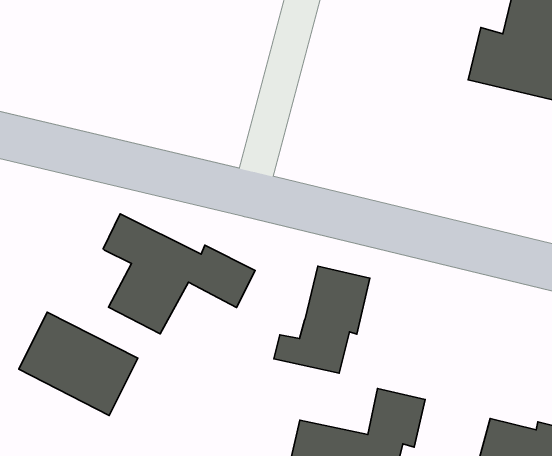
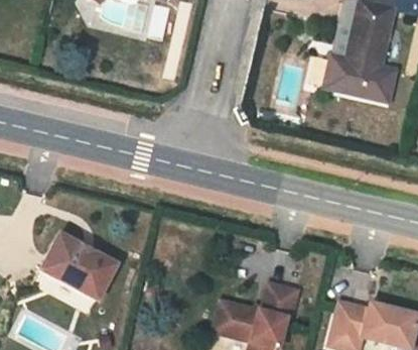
building: [103,214,255,334] -> none
building: [274,266,370,373] -> none

